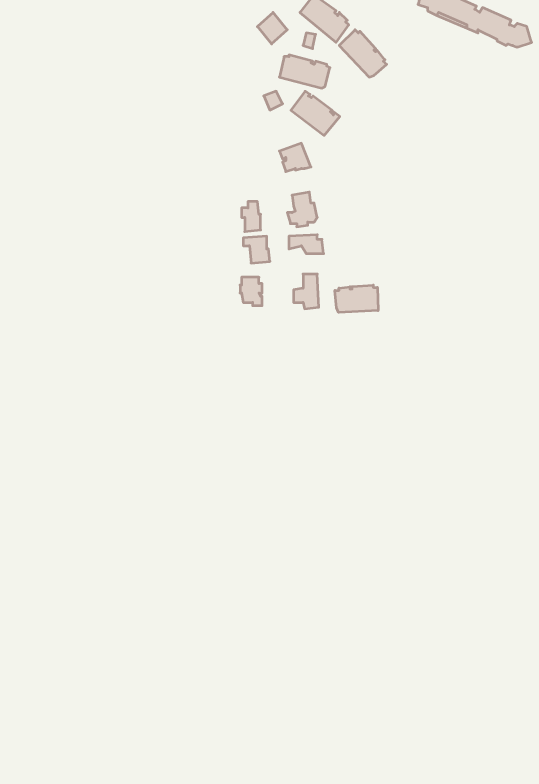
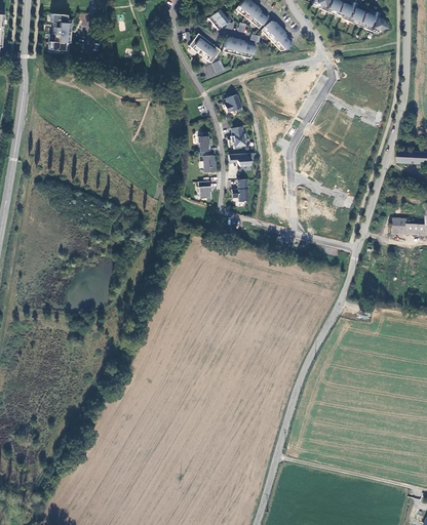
building: none -> [48,12,72,53]
building: [291,91,340,135] -> [189,33,221,62]
building: [335,285,378,312] -> none

